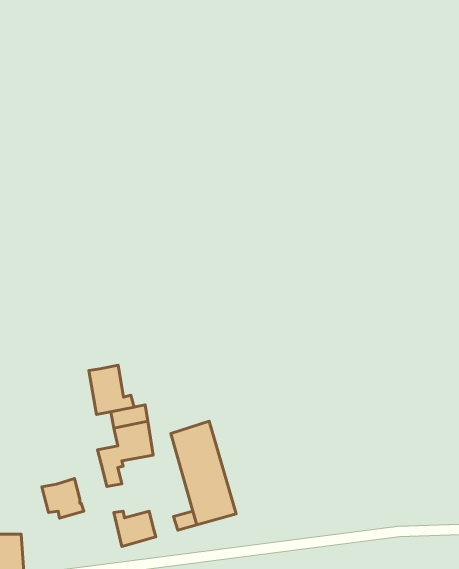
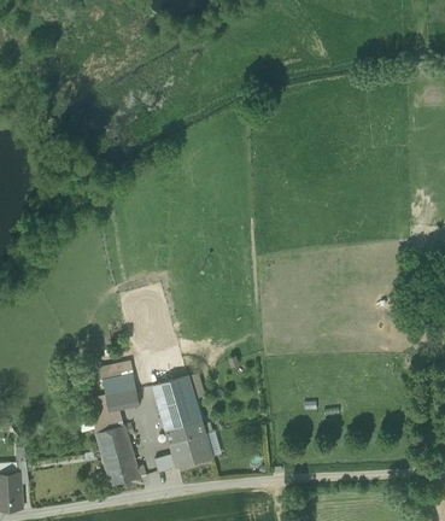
building: [89,365,134,415] -> none
building: [42,479,84,518] -> [96,426,134,461]

